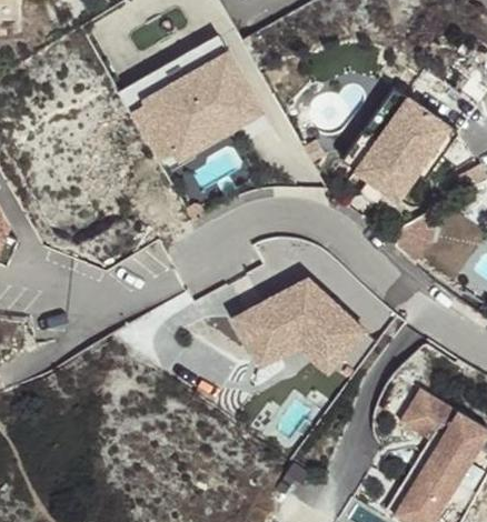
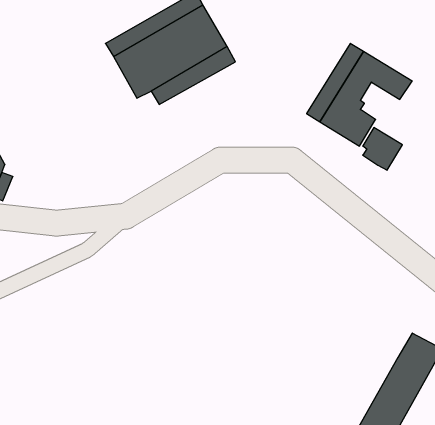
building: [399,133,443,180] -> [363,128,402,170]
building: [222,279,370,375] -> none
building: [401,385,456,434] -> none

